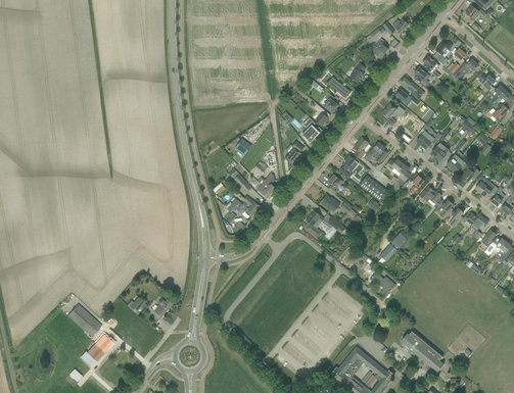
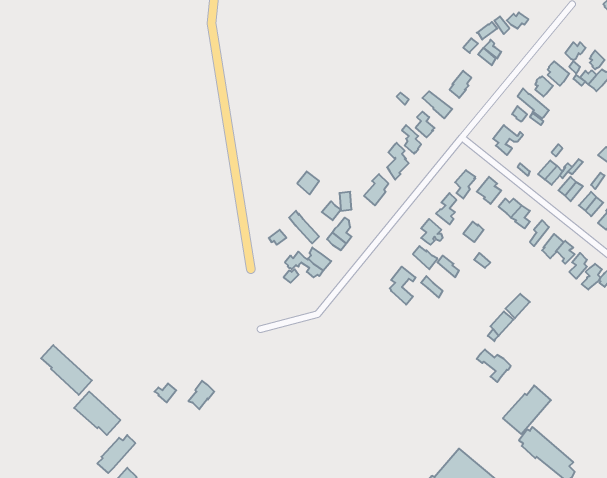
building: none -> [41,345,92,395]
building: none -> [503,385,551,434]

